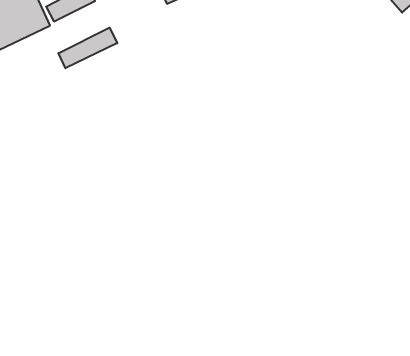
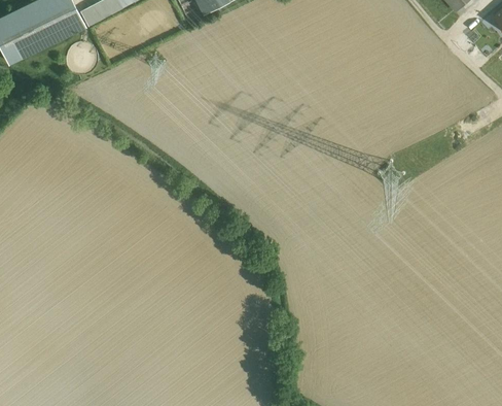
building: [58,28,117,68] -> none

